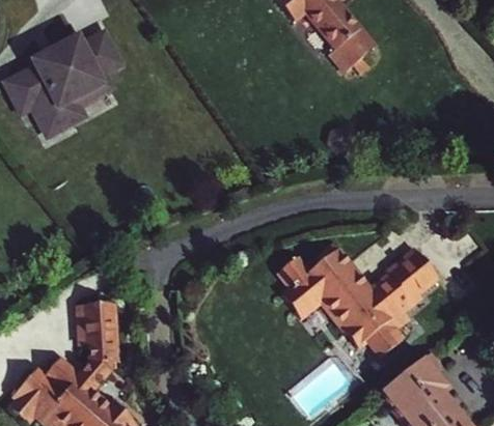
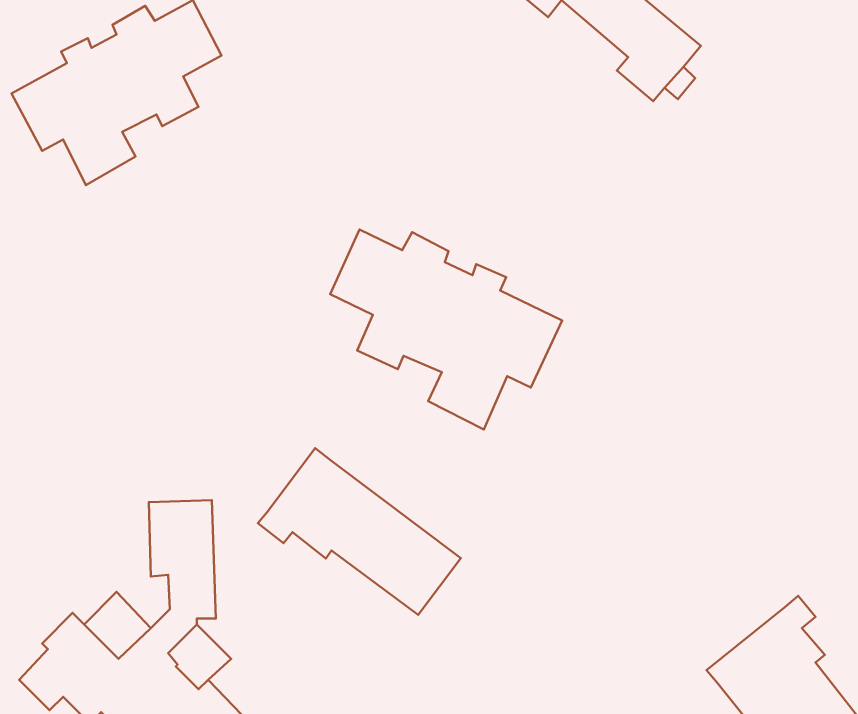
building: none -> [330,230,562,430]
building: [278,242,438,354] -> none
building: none -> [258,448,461,615]

